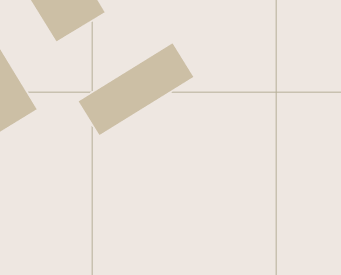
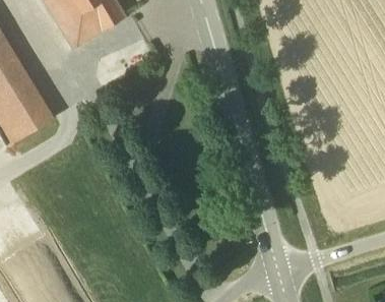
building: [78,42,195,136] -> none

